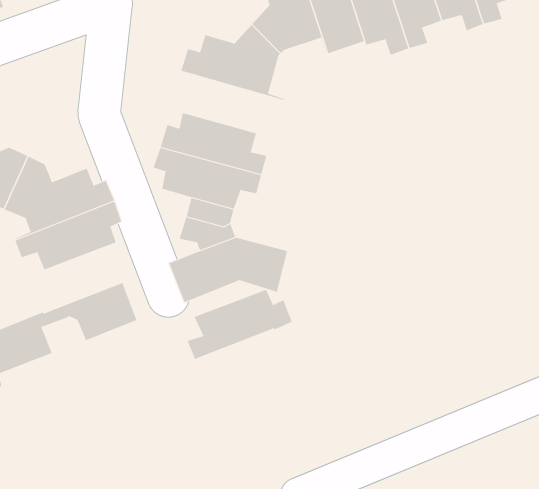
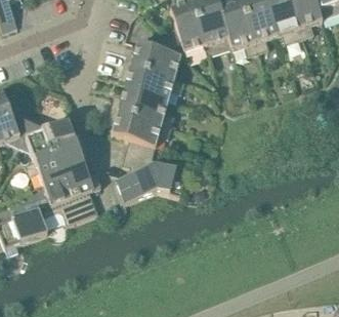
building: none -> [120,64,184,101]
building: [187,289,292,360] -> [38,165,100,207]

